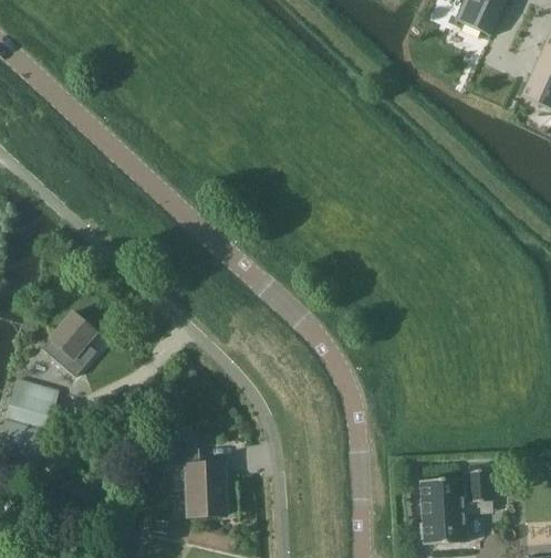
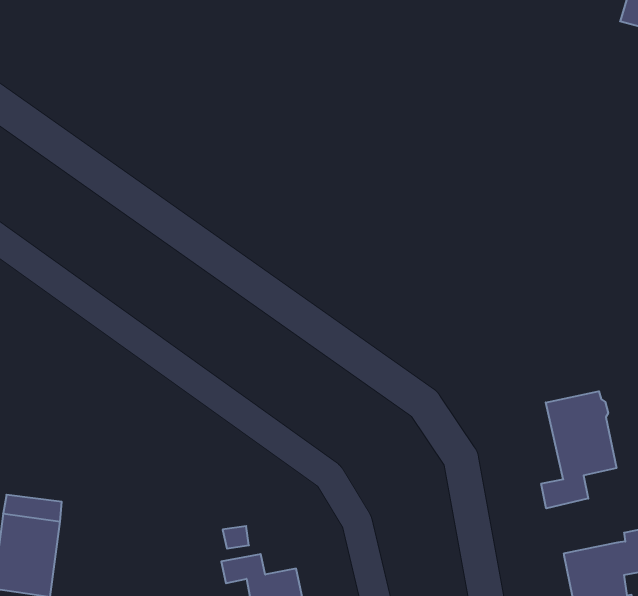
building: [41,312,96,377] -> none
building: none -> [541,391,616,508]

